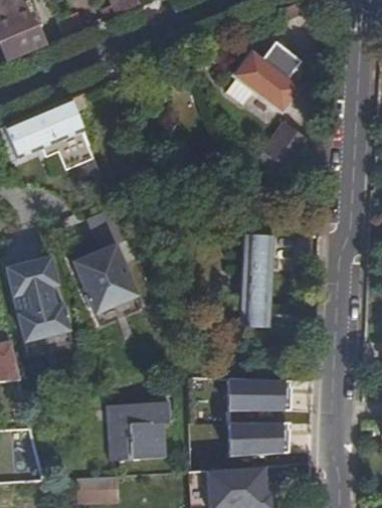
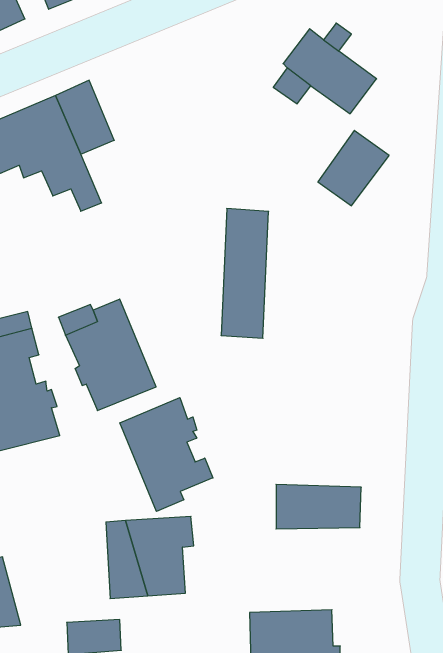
building: [239,232,273,326] -> [221,209,269,338]
building: none -> [120,398,213,511]
building: [227,421,288,455] -> none

